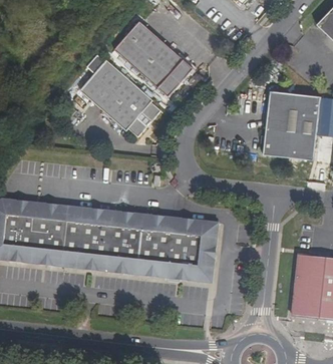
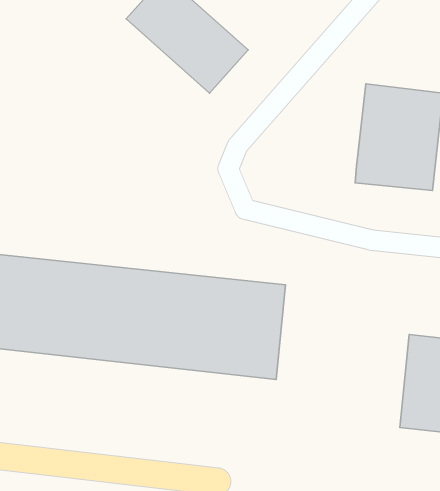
building: [79,59,160,137] -> none

